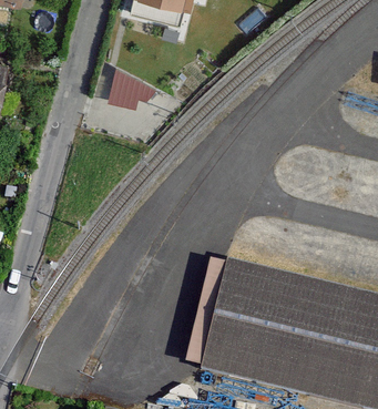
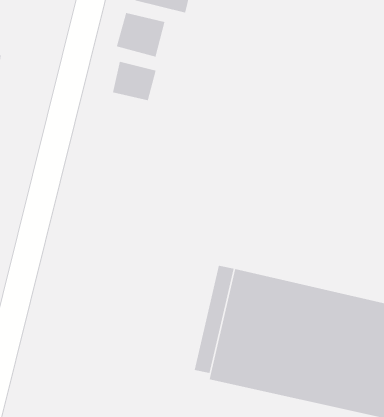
building: none -> [116,12,165,58]

